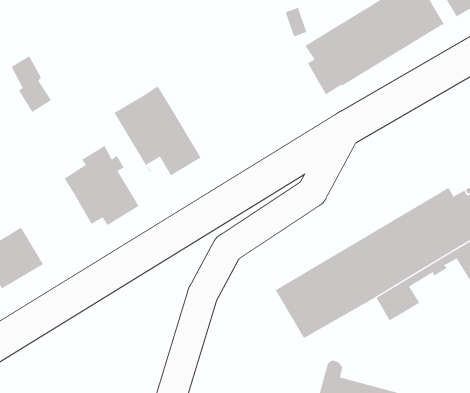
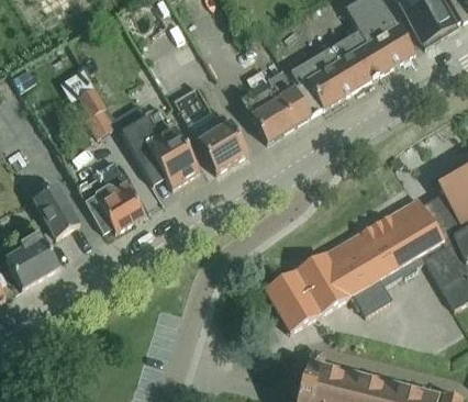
building: none -> [242,69,310,141]
building: [11,56,52,113] -> [79,87,115,137]
building: none -> [174,86,248,171]
building: none -> [33,185,80,237]

